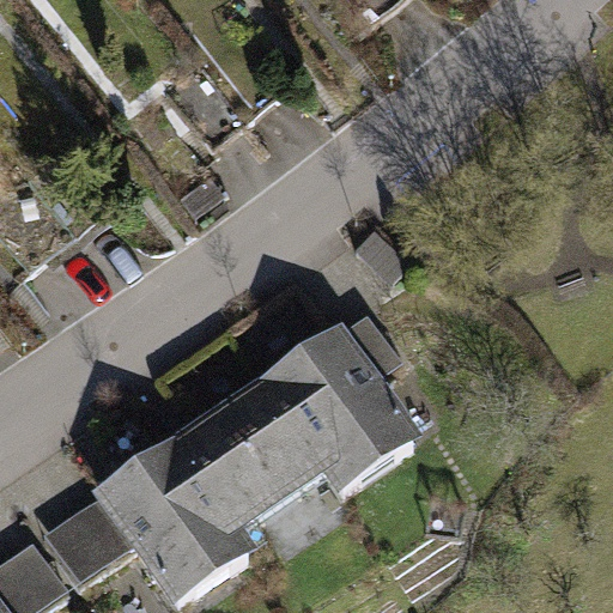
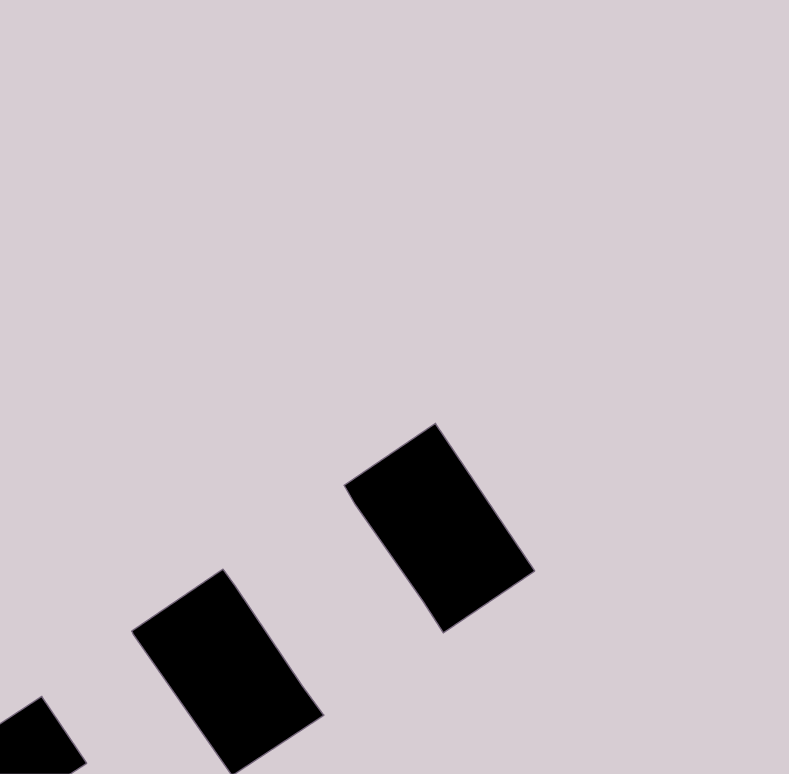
building: [182,389,327,529] -> none
building: [44,490,139,581] -> none

